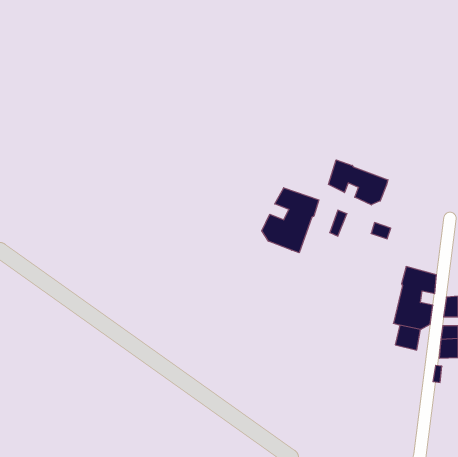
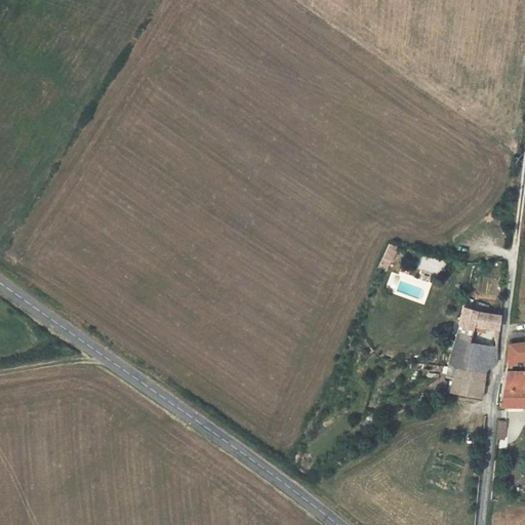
building: [328,160,388,205] -> none
building: [262,188,319,253] -> none

